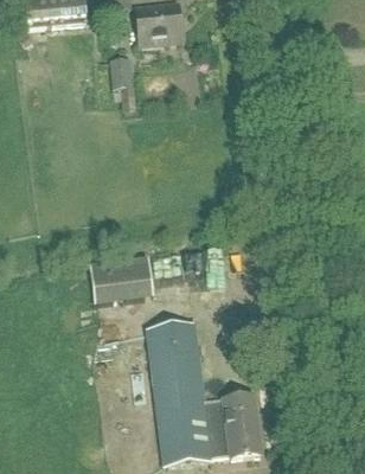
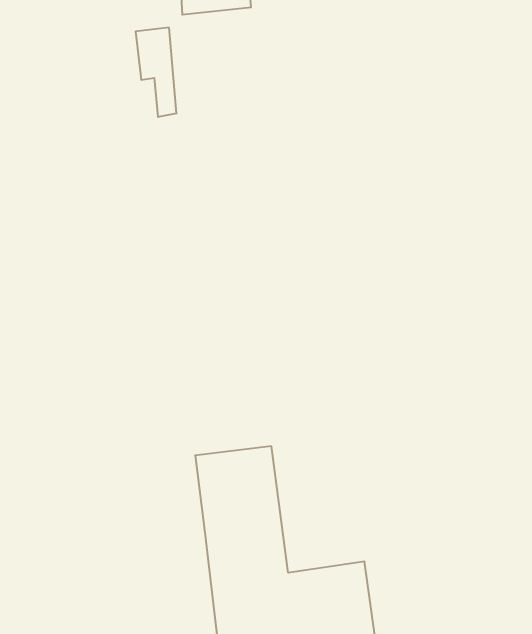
building: [90,262,153,307] -> none

